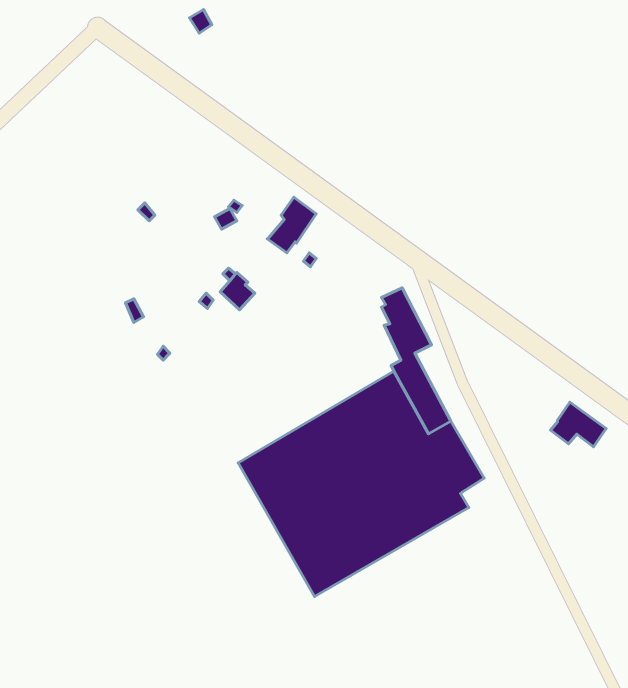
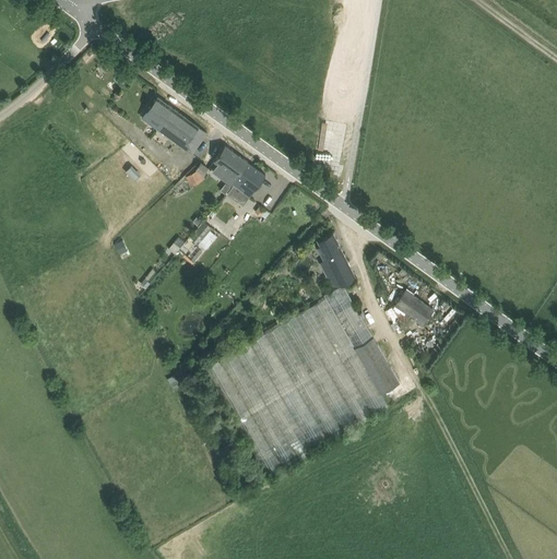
building: none -> [146,96,208,154]
building: none -> [212,145,248,194]
building: [551,402,606,447] -> [390,289,434,324]

